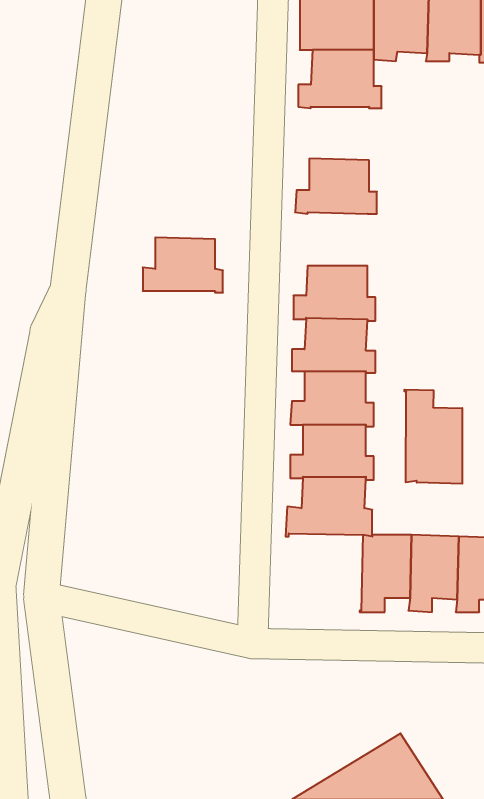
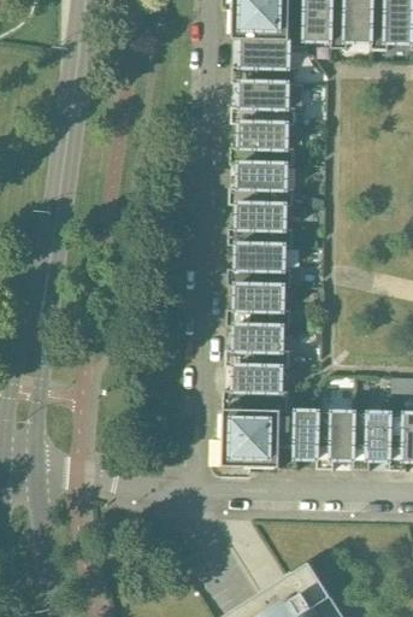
building: none -> [232,82,294,124]
building: [143,237,223,293] -> [231,163,293,205]
building: [404,390,462,484] -> none
building: none -> [225,409,283,468]

